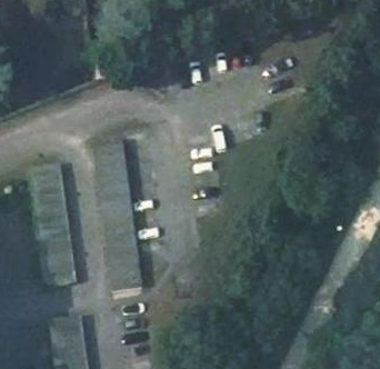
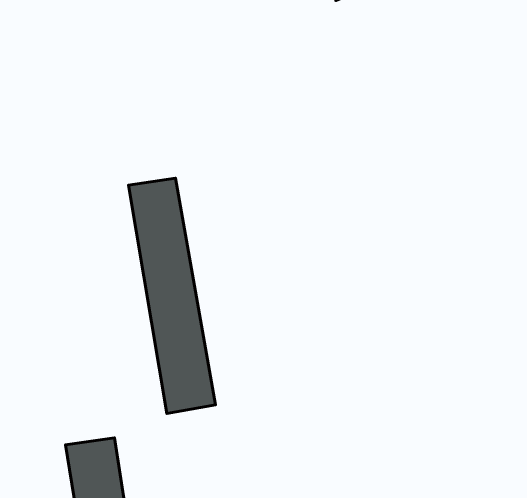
building: [27,167,76,287] -> none

